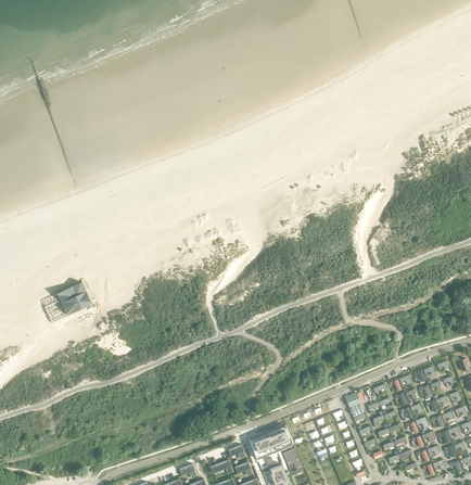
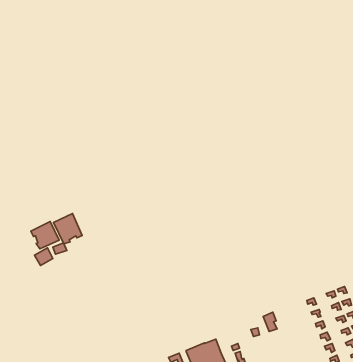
building: none -> [53,214,82,244]

